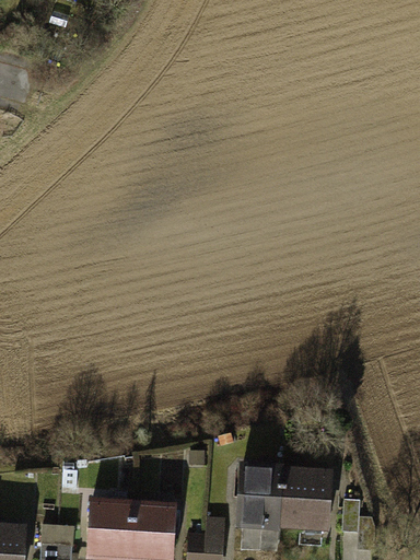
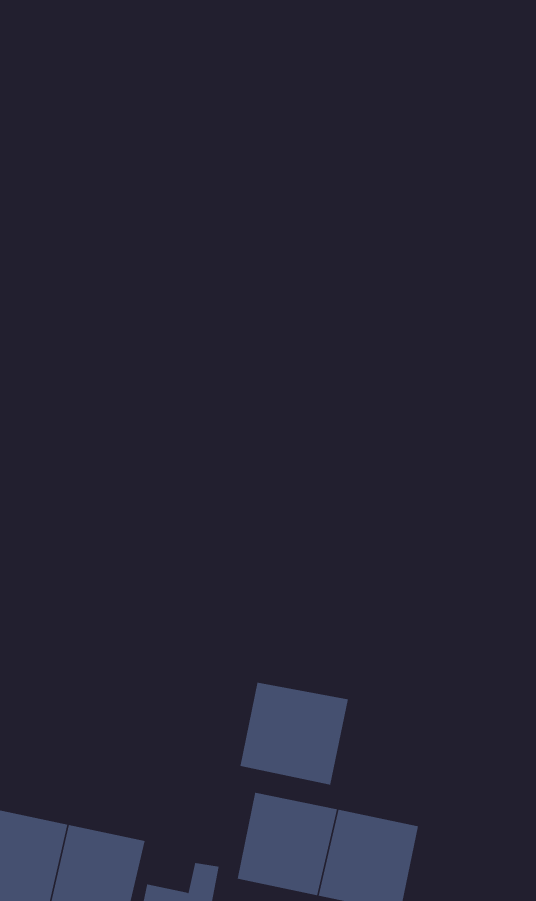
building: none -> [240,682,349,786]

